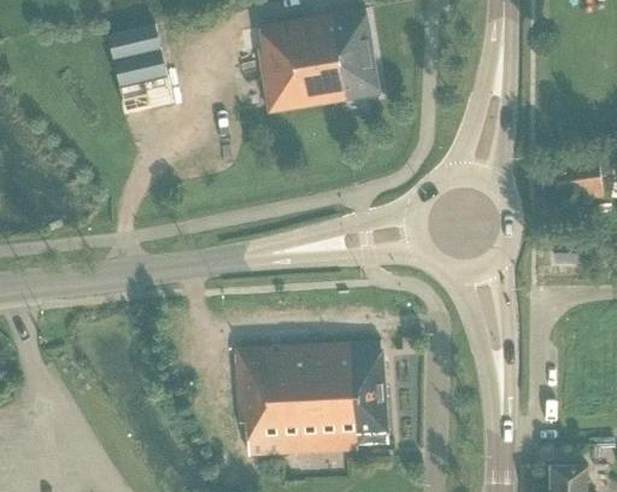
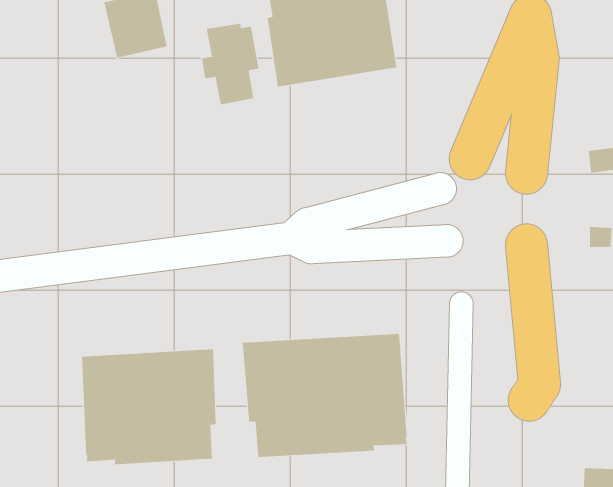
building: none -> [202,23,259,105]
building: none -> [82,348,216,465]

